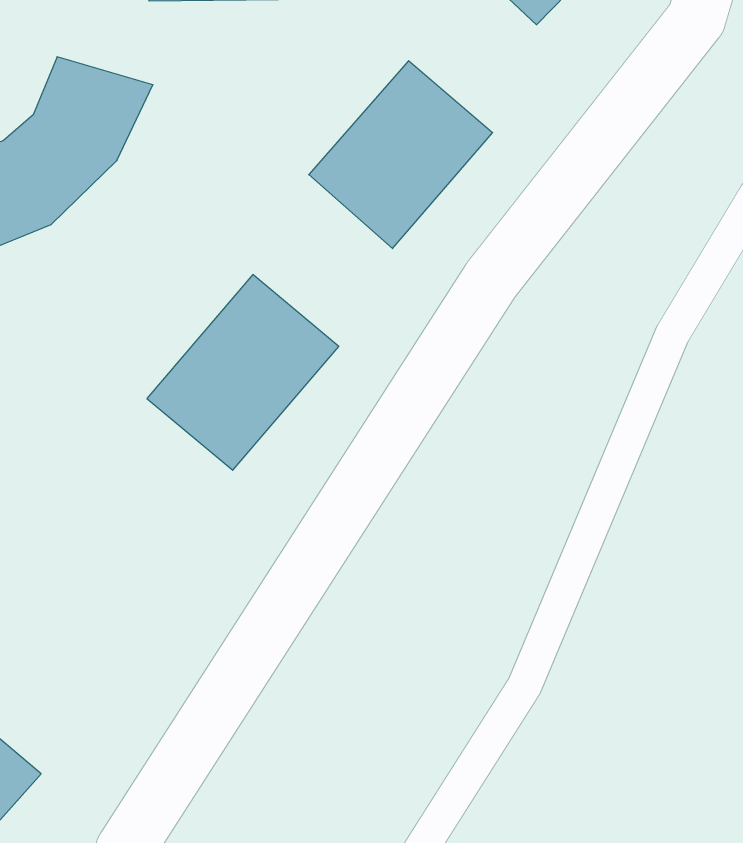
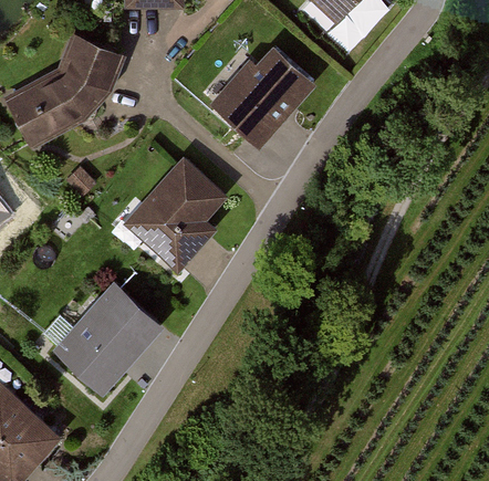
building: none -> [56,284,170,400]

